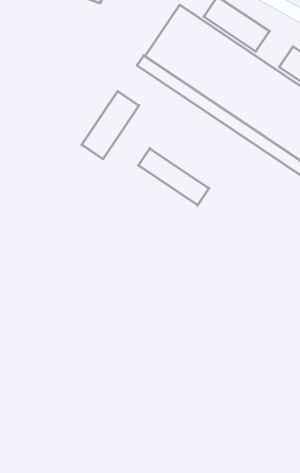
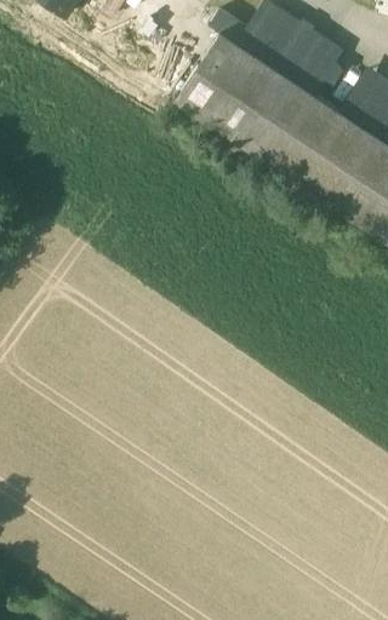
building: [82,91,139,159] -> none
building: [138,148,209,205] -> none

